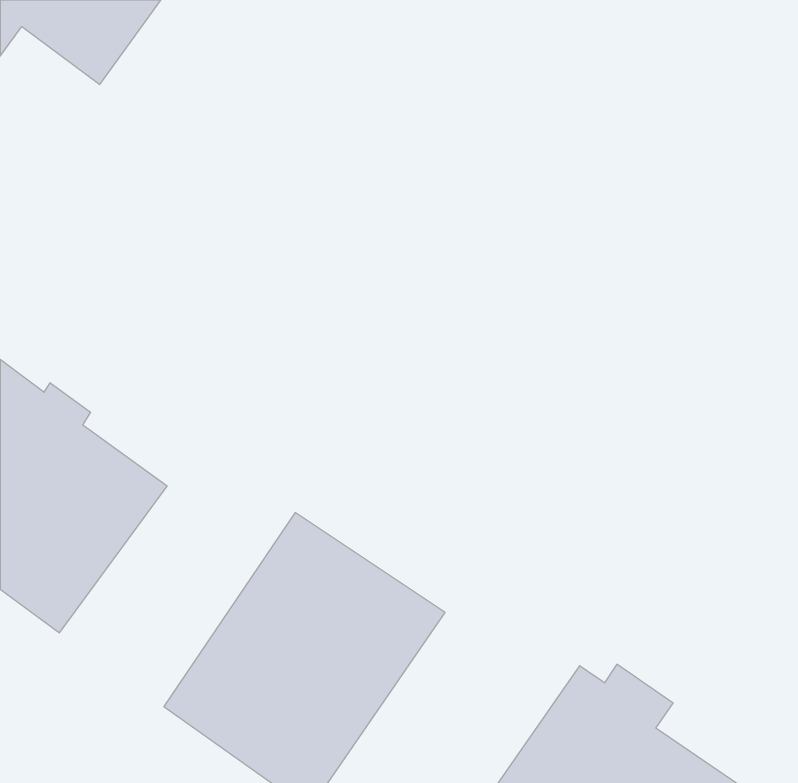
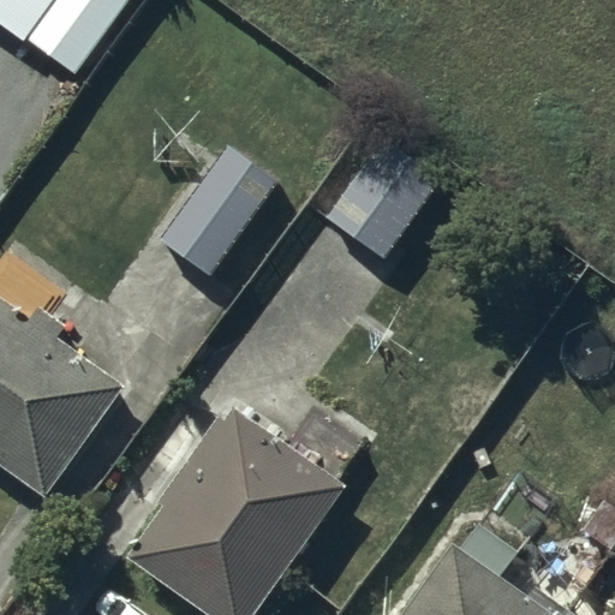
building: none -> [323,136,444,263]
building: none -> [157,143,282,283]

